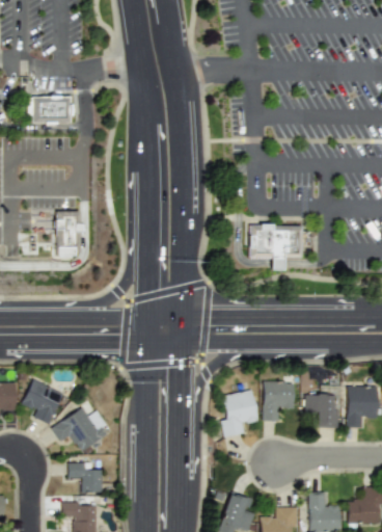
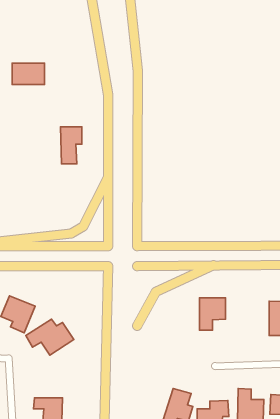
building: [55,211,81,256] -> [61,127,82,164]
building: [250,228,302,272] -> none
building: [221,390,258,436] -> none
building: [305,394,338,427] -> none
building: [69,462,103,491] -> none

